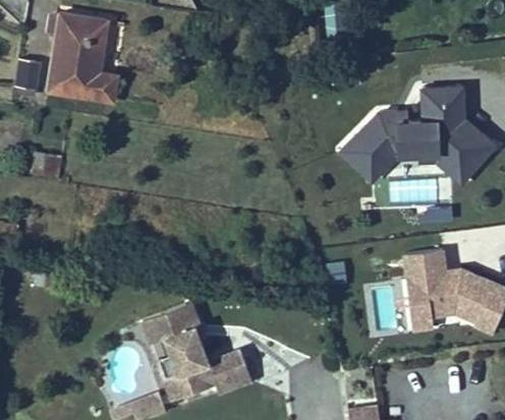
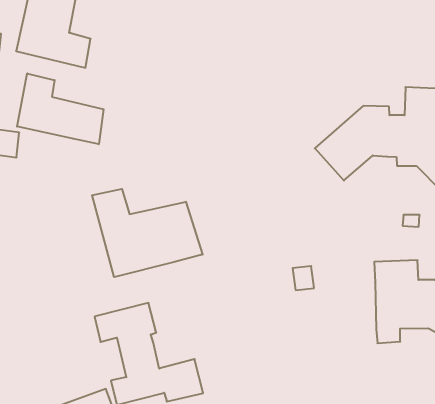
building: none -> [17,73,104,144]
building: none -> [92,189,203,277]

